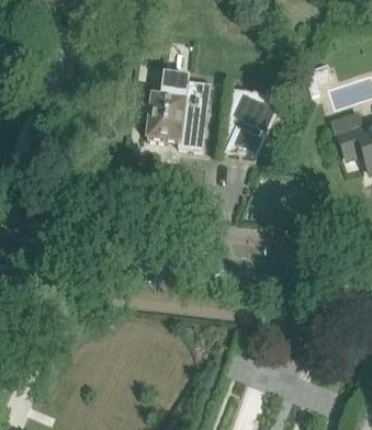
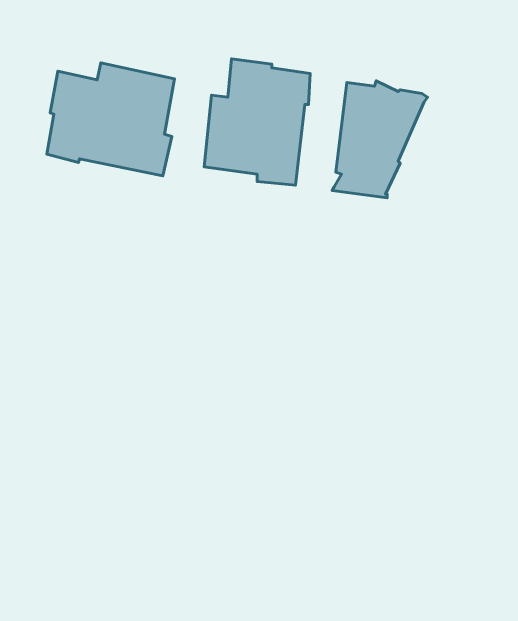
building: none -> [47,63,174,176]

